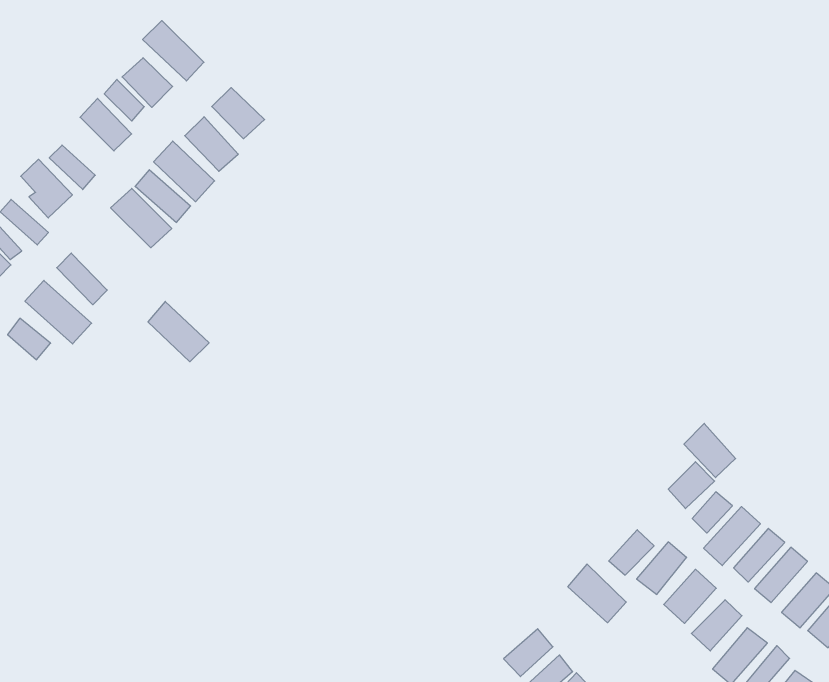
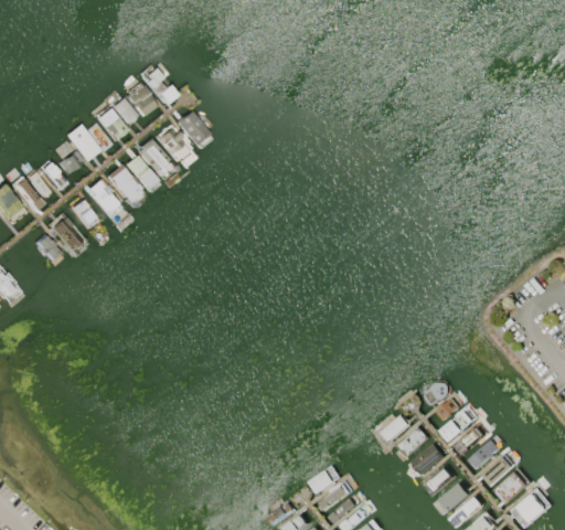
building: [148,301,209,362] -> [88,180,124,219]
building: [684,423,736,478] -> none
building: [568,564,626,623] -> none

